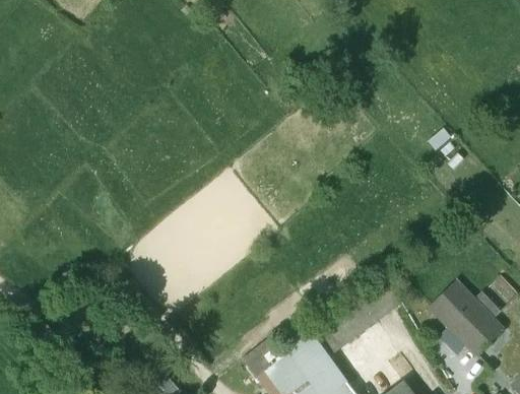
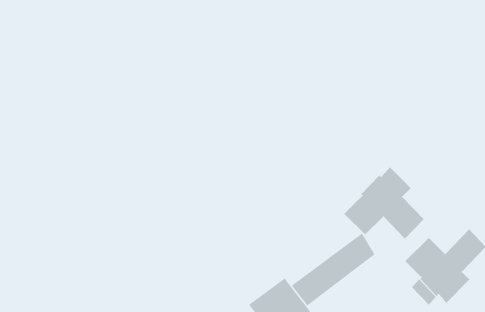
building: none -> [343,167,424,240]

